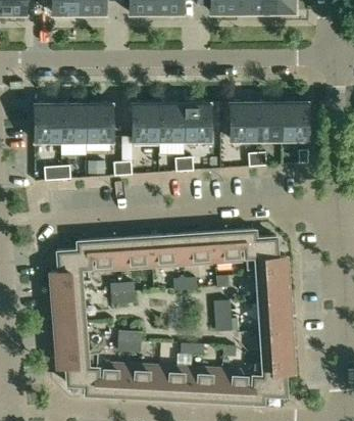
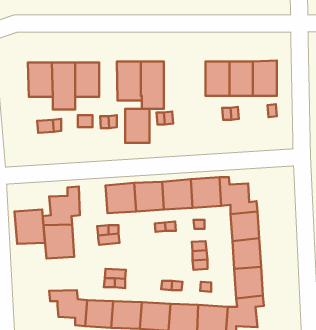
building: [183,102,209,140] -> [125,109,149,143]
building: [89,239,120,272] -> none
building: [53,318,87,356] -> [14,210,45,244]

